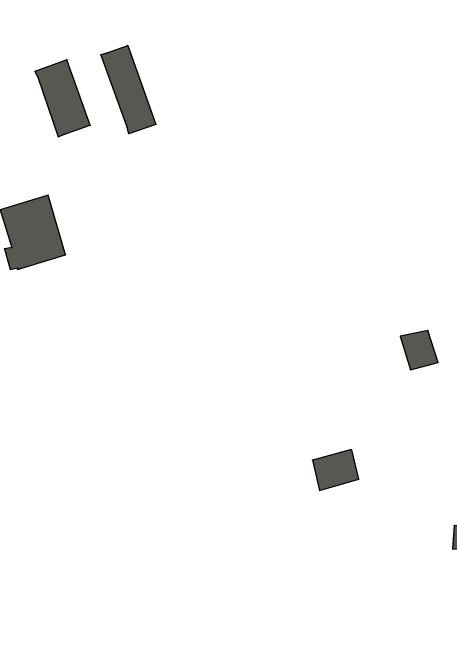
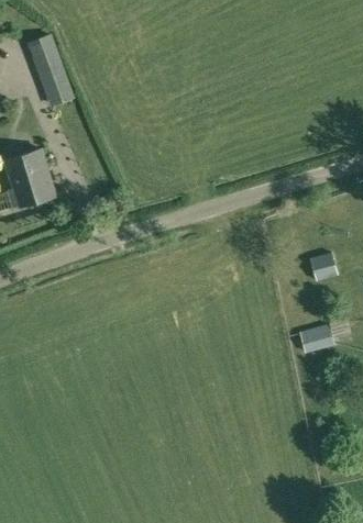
building: [101,45,156,134] -> none
building: [312,450,359,491] -> [298,323,333,354]

